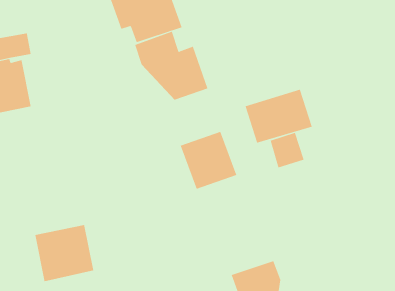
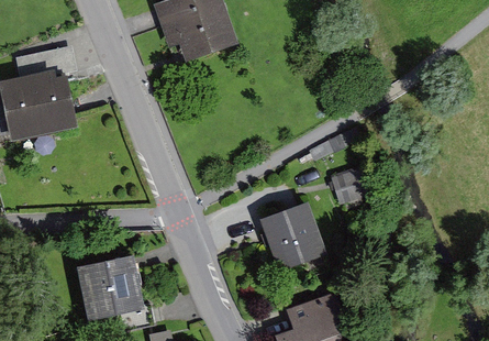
building: [134,31,208,100] -> none
building: [245,89,313,143] -> none
building: [180,131,237,190] -> [263,206,324,268]

